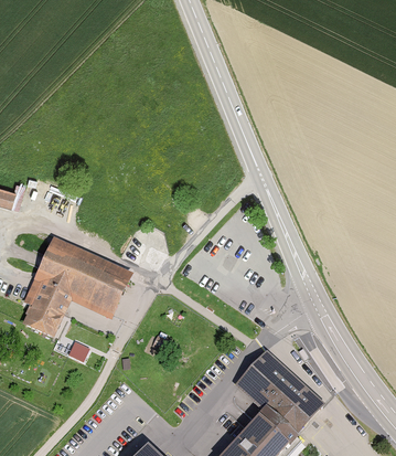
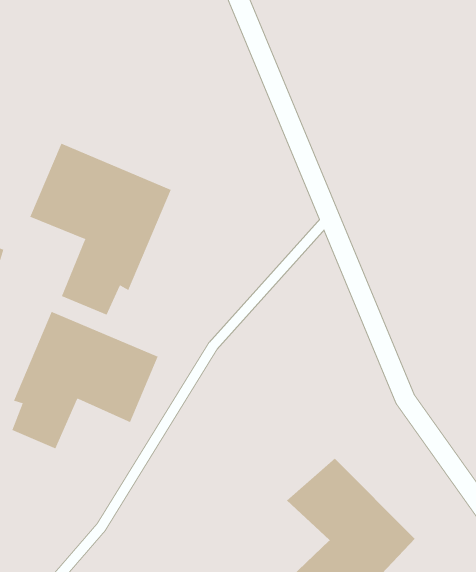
building: none -> [30,143,171,315]

